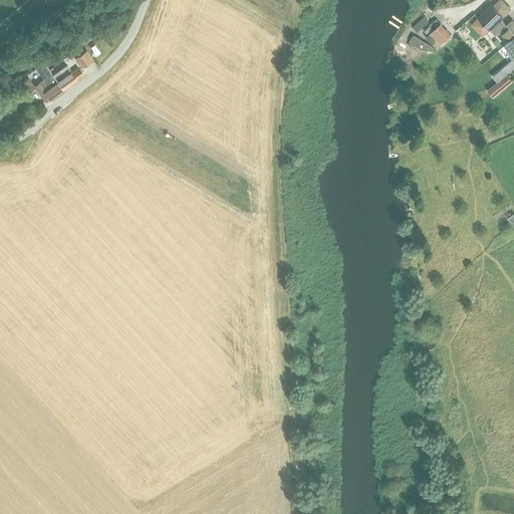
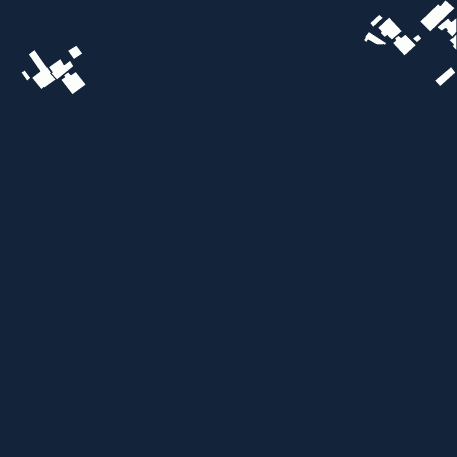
building: none -> [392,34,417,56]
building: none -> [61,71,87,95]

